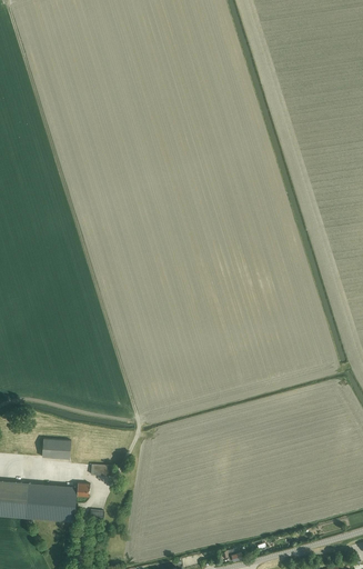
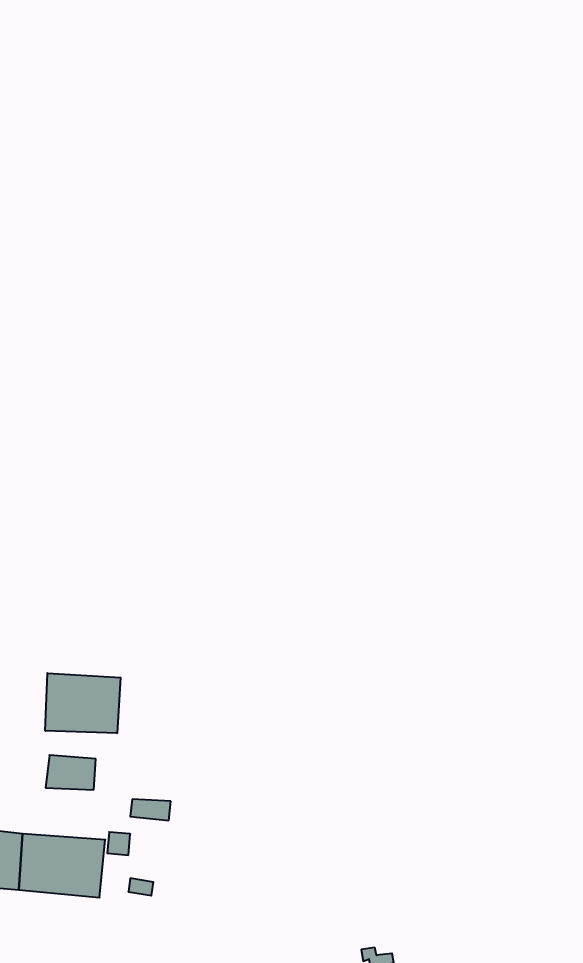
building: none -> [45,673,121,733]

